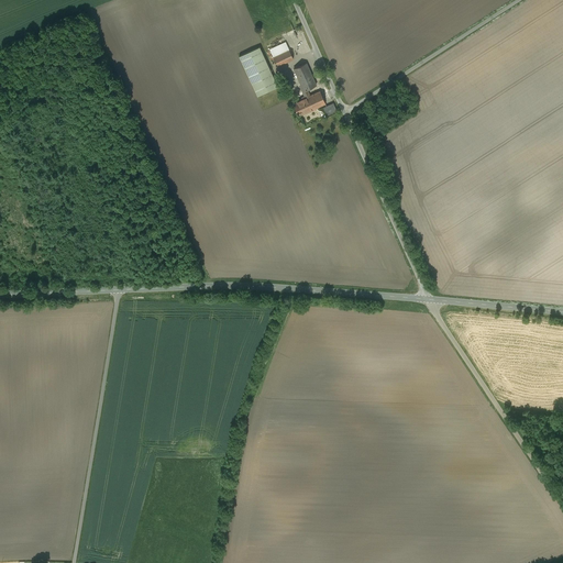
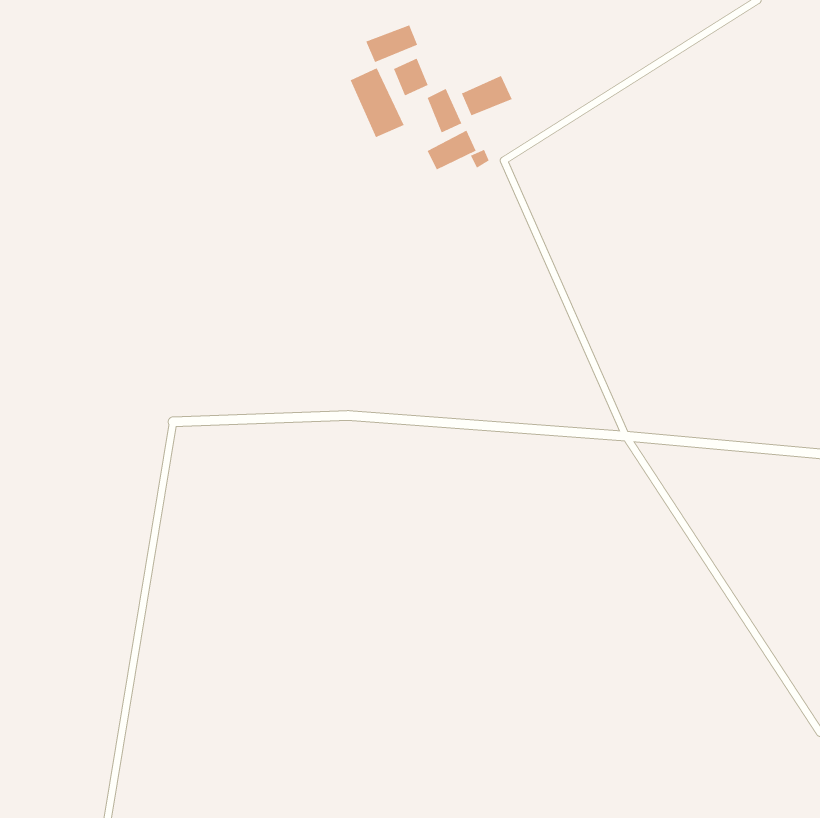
building: none -> [365,25,418,63]
building: none -> [461,75,512,116]

